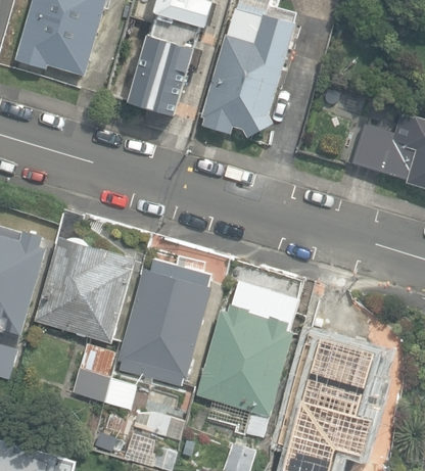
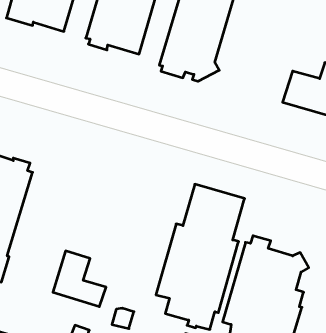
building: [34,210,136,342] -> none
building: [117,245,231,386] -> none

